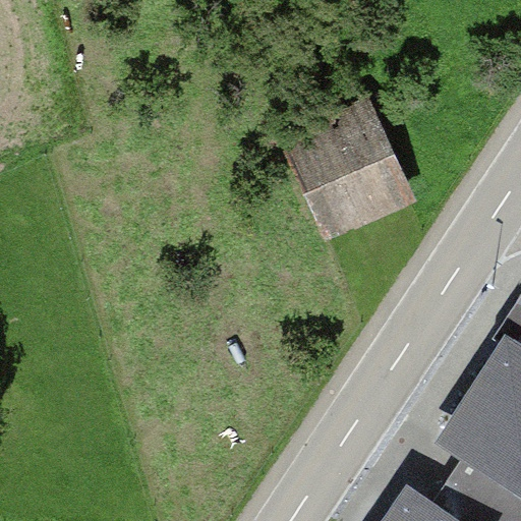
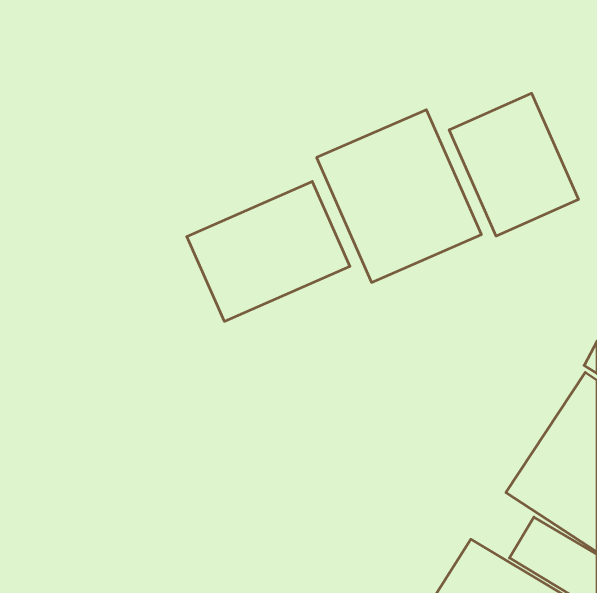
building: none -> [449,93,578,236]
building: none -> [187,181,350,321]

